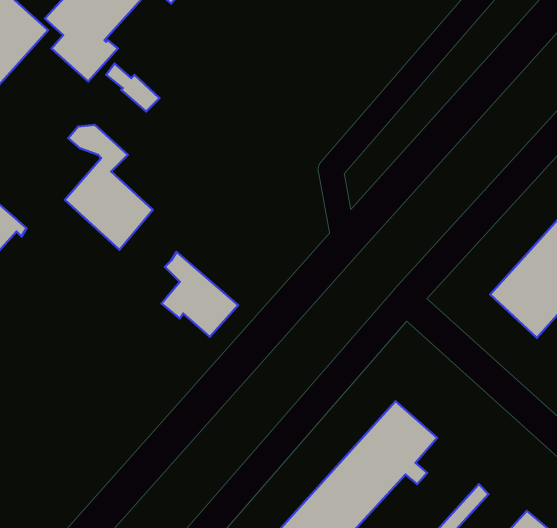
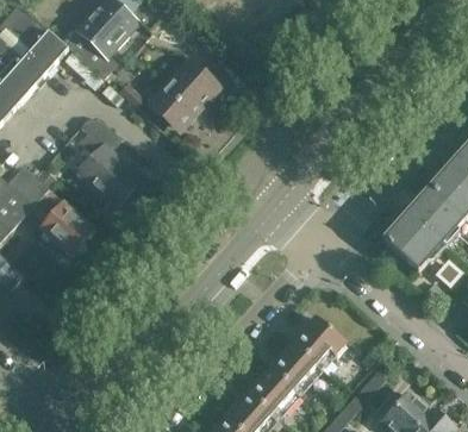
building: none -> [146,56,219,127]
building: [162,252,238,337] -> [38,190,93,251]

